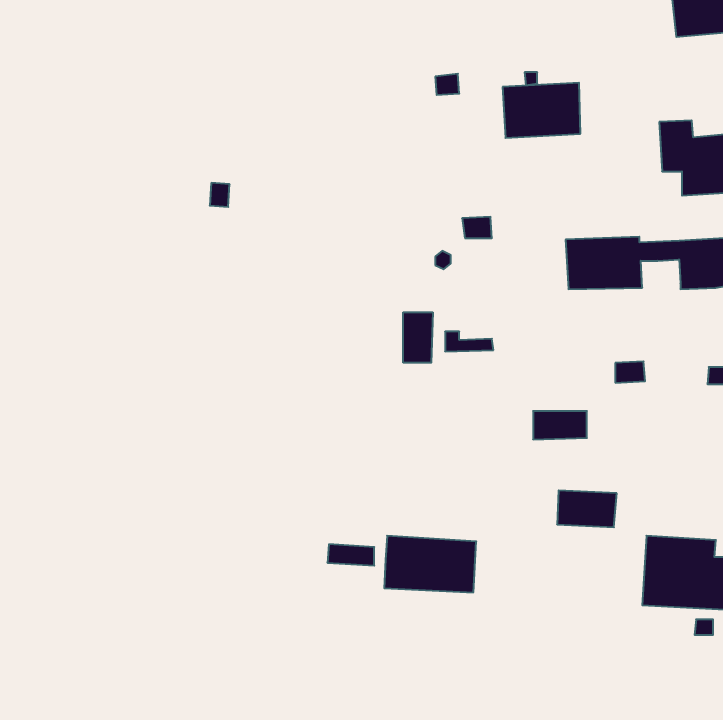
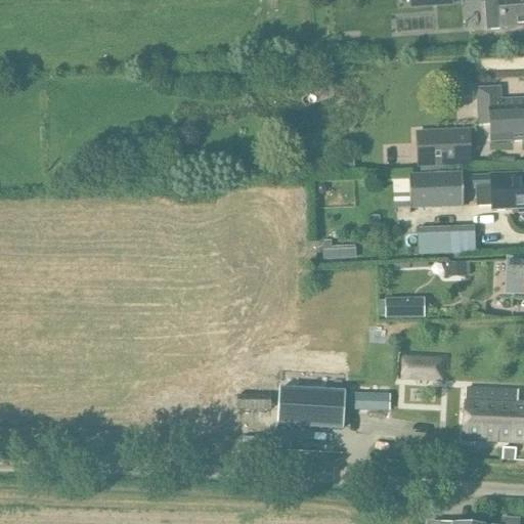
building: [503,83,580,138] -> [416,127,472,167]
building: [403,312,433,363] -> none
building: none -> [418,226,477,251]
building: none -> [346,392,391,410]

